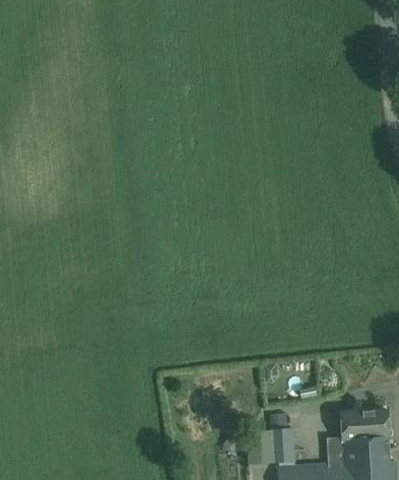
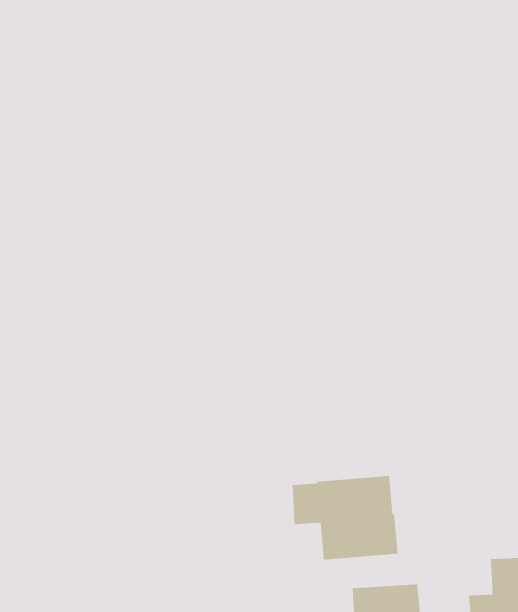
building: none -> [292,475,398,561]

